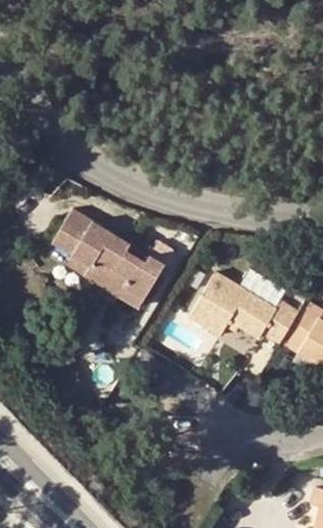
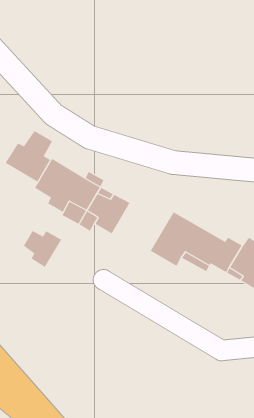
building: none -> [5,130,53,183]
building: none -> [23,230,62,268]

